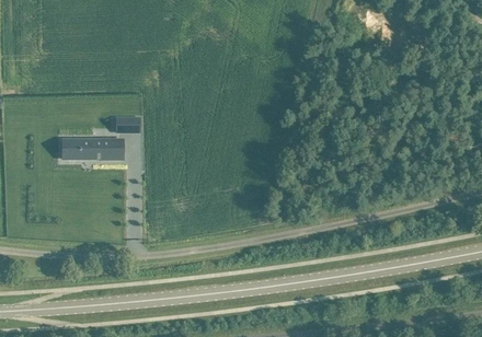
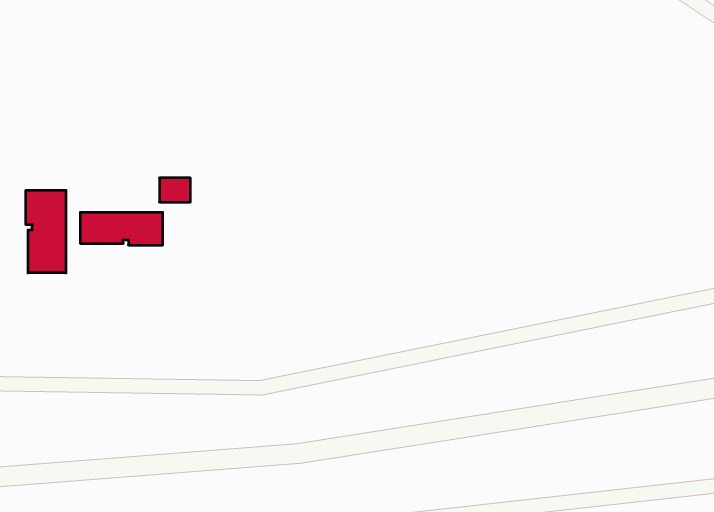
building: none -> [26,190,66,273]

